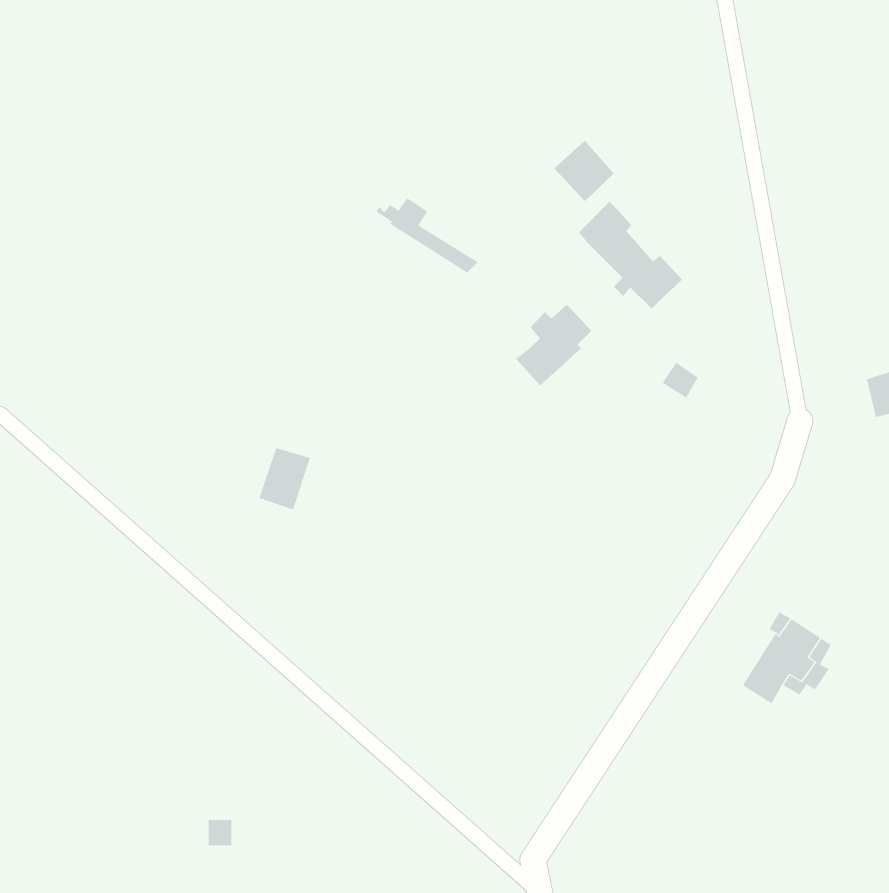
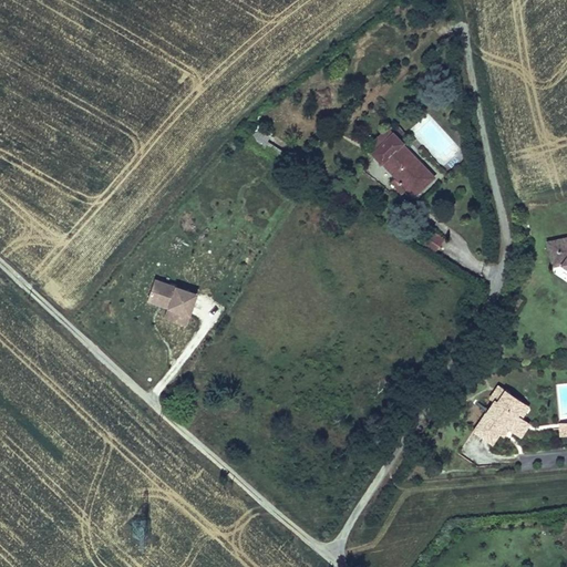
building: [554,140,615,202] -> none
building: [515,304,592,386] -> none
building: none -> [150,277,177,306]

